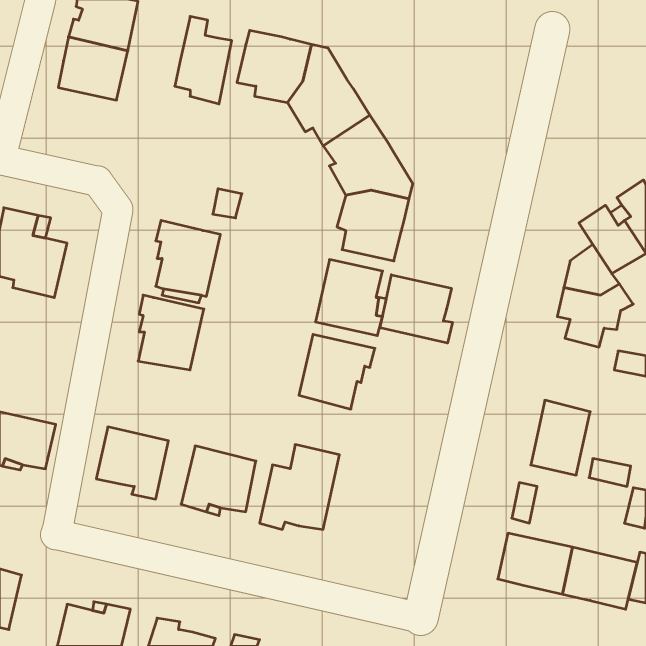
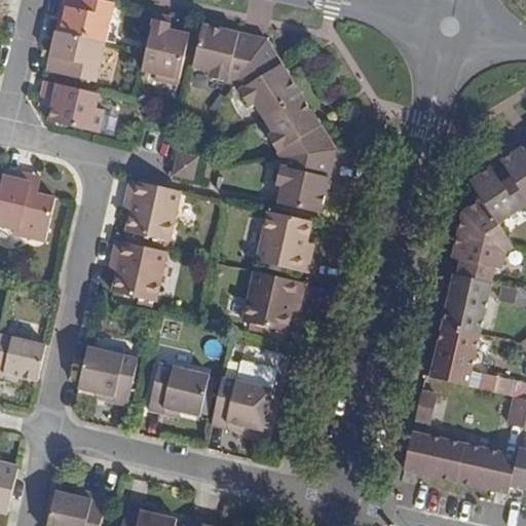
building: none -> [40,80,102,132]
building: [380,275,452,343] -> none
building: none -> [442,273,490,334]

